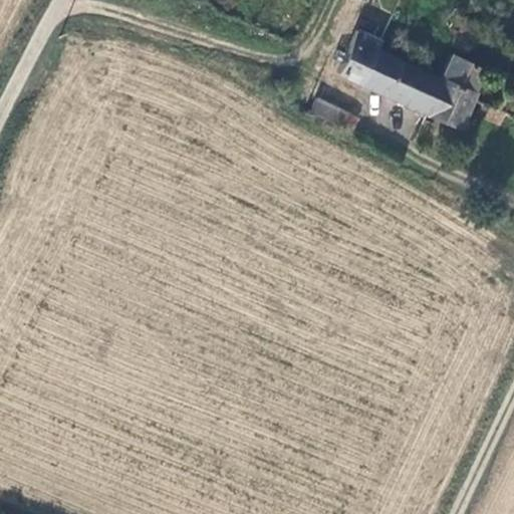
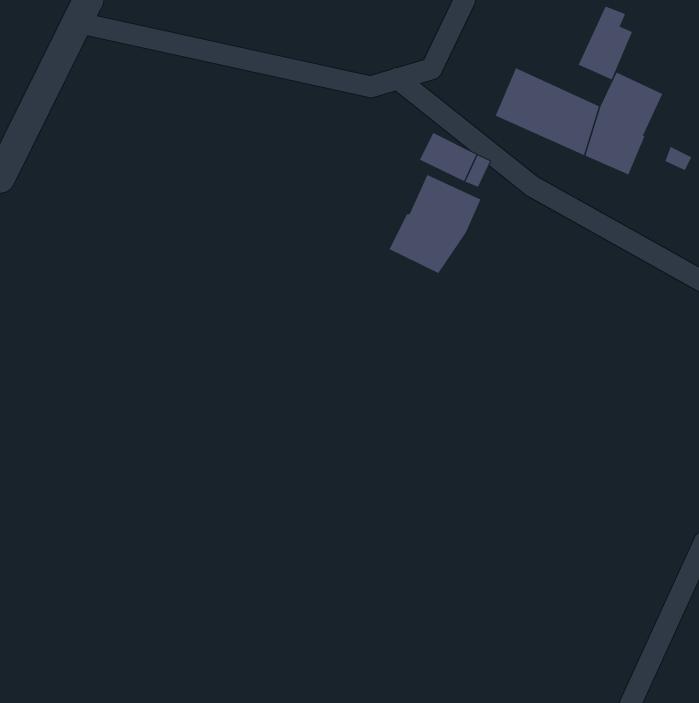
building: [339,31,379,85] -> [578,6,633,80]
building: none -> [389,174,481,274]

